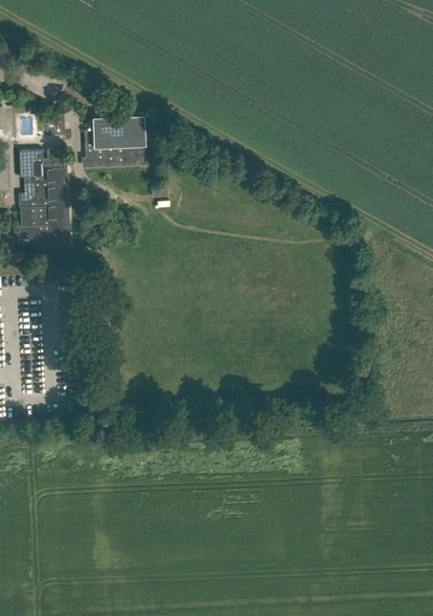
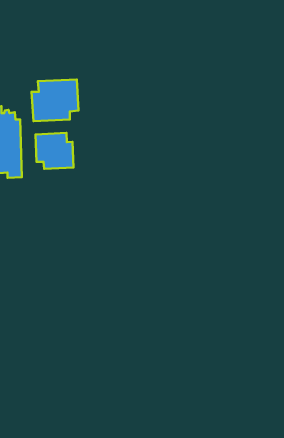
building: none -> [35,133,73,169]

